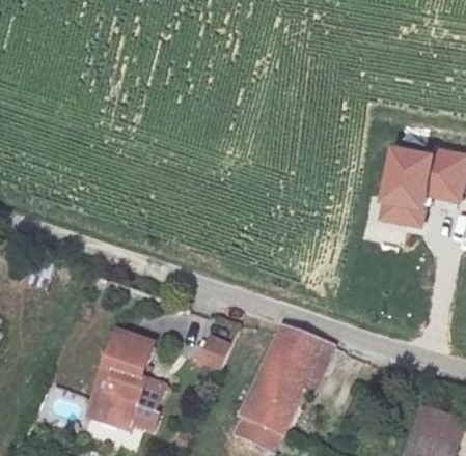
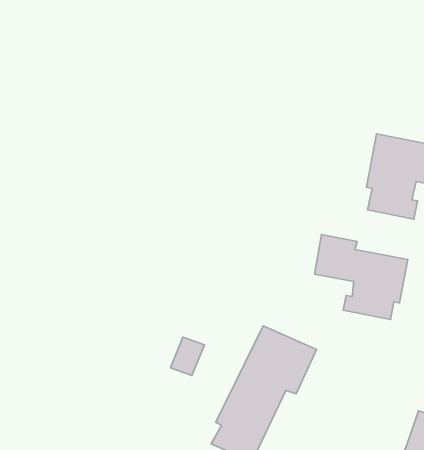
building: none -> [315,234,408,319]
building: [87,329,166,431] -> none

